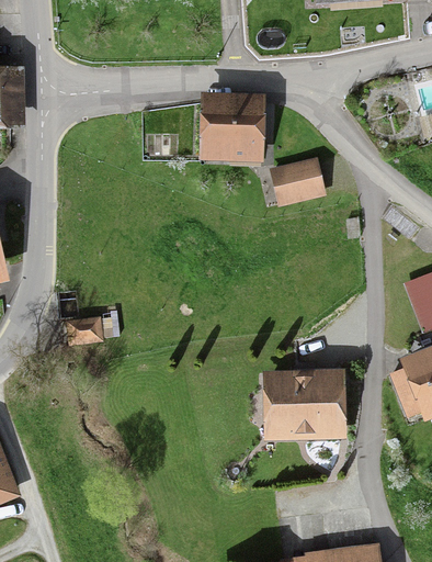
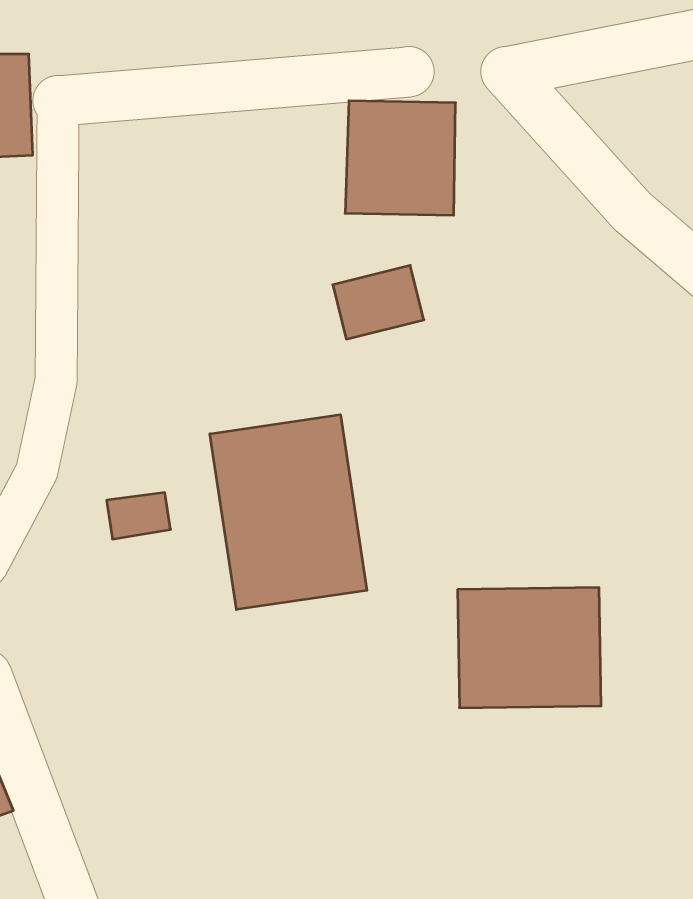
building: [271,159,322,201] -> [333,265,424,339]
building: none -> [210,415,367,610]

